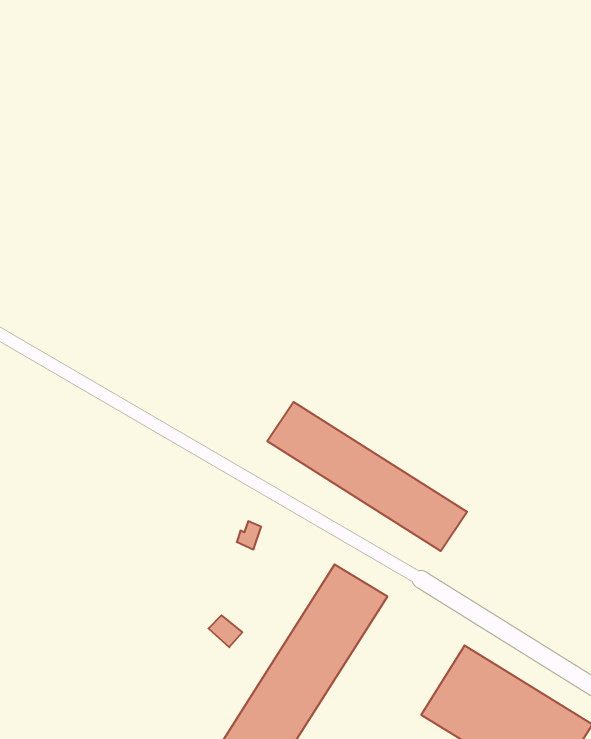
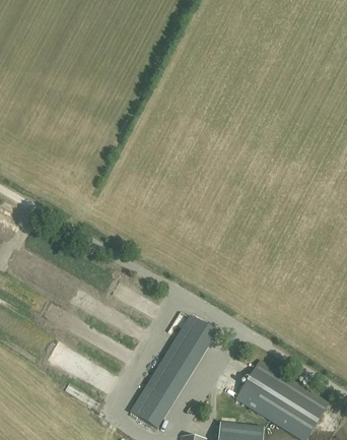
building: [267,402,467,551] -> none

